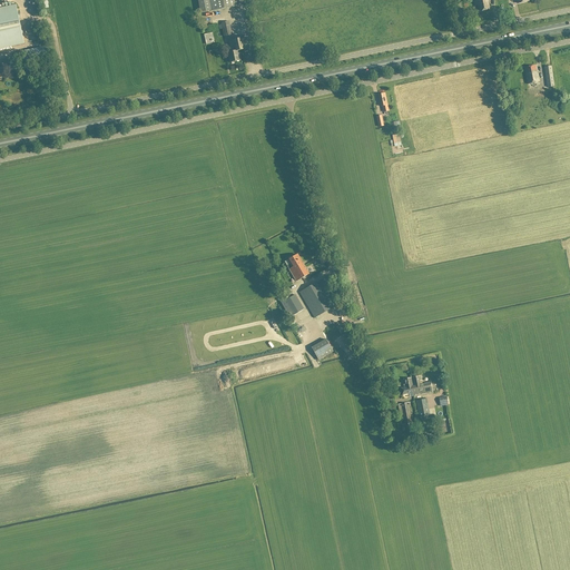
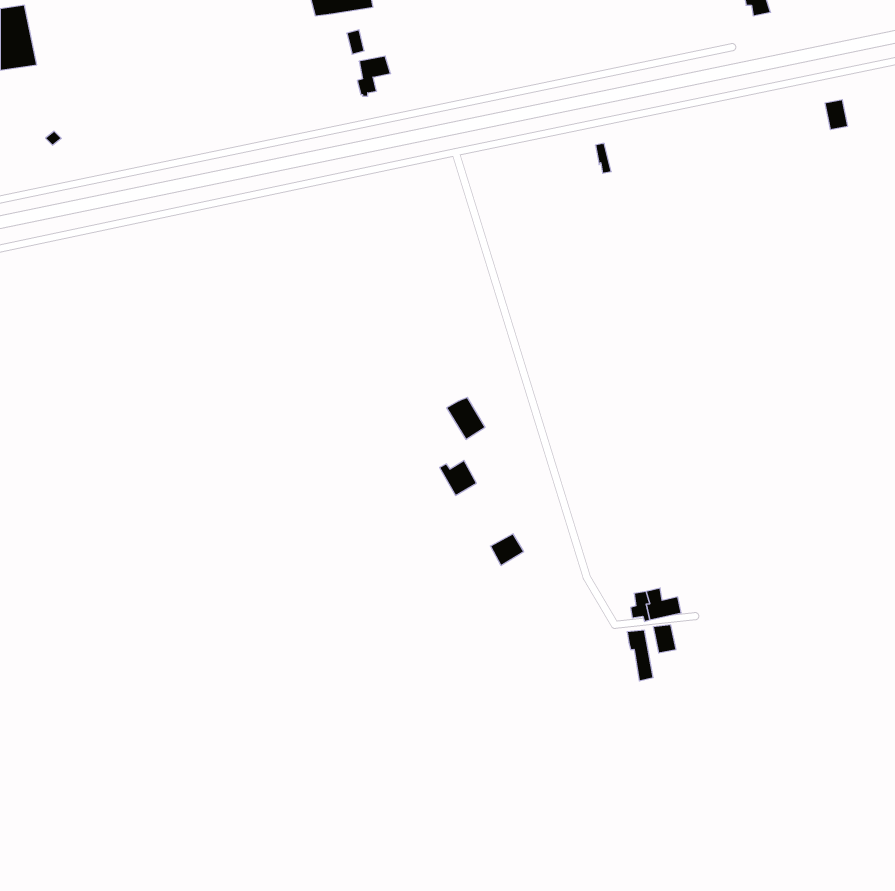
building: [299,279,334,316] -> none

